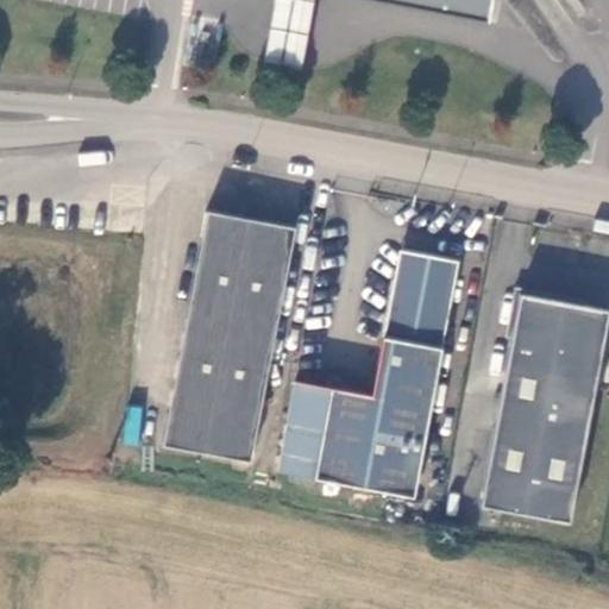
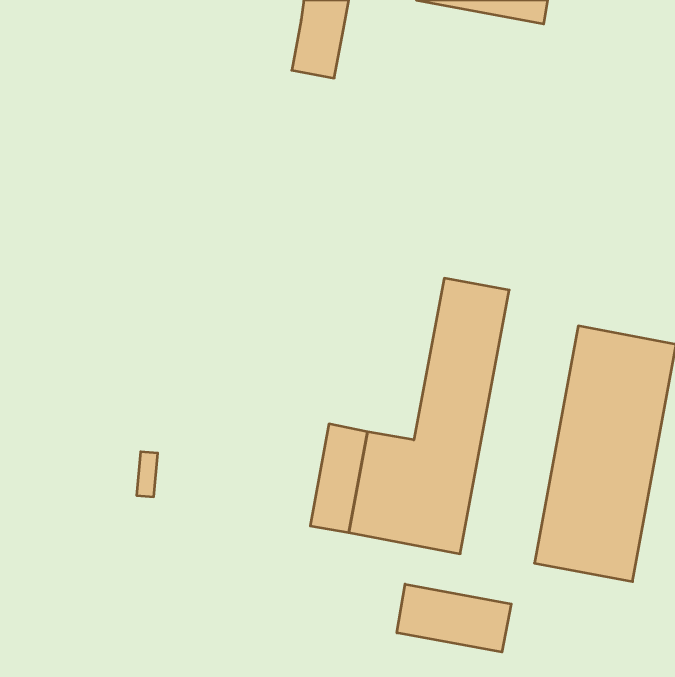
building: [165,211,296,460] -> none
building: none -> [397,584,511,652]

